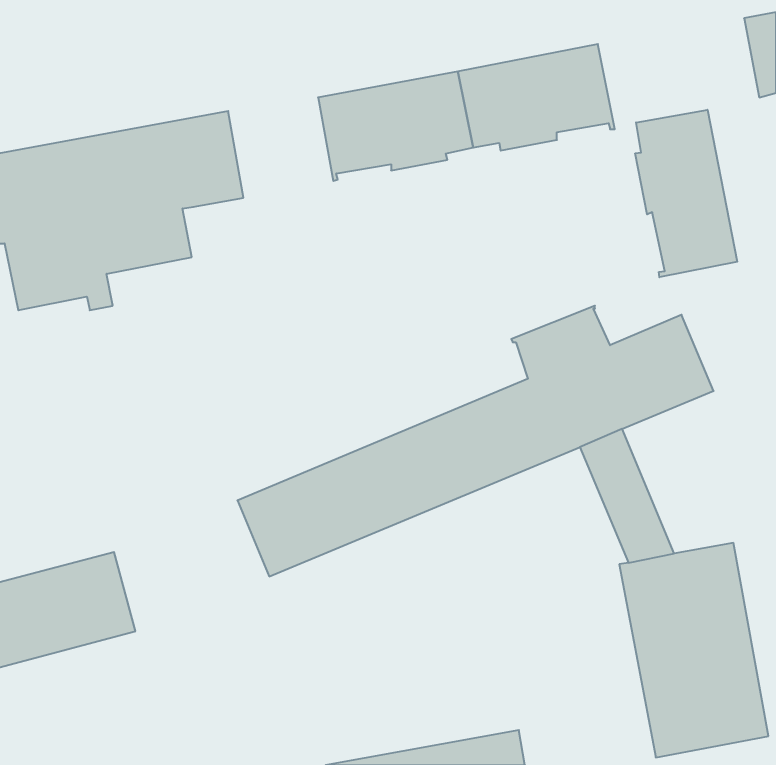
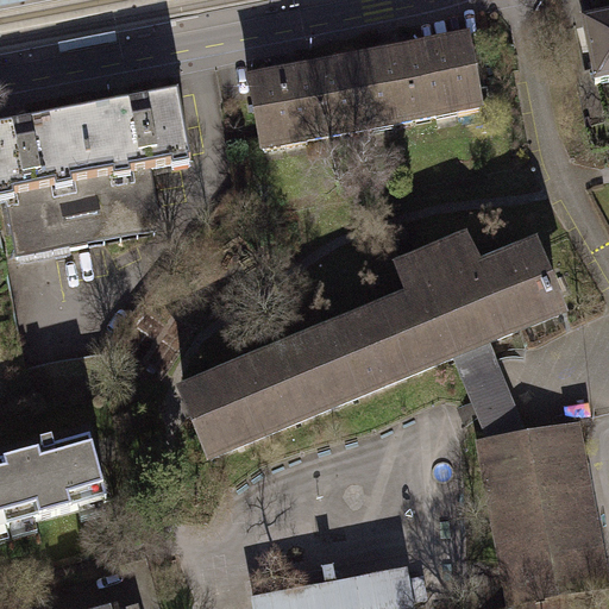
building: [635,110,737,277] -> none
building: none -> [83,162,163,238]

